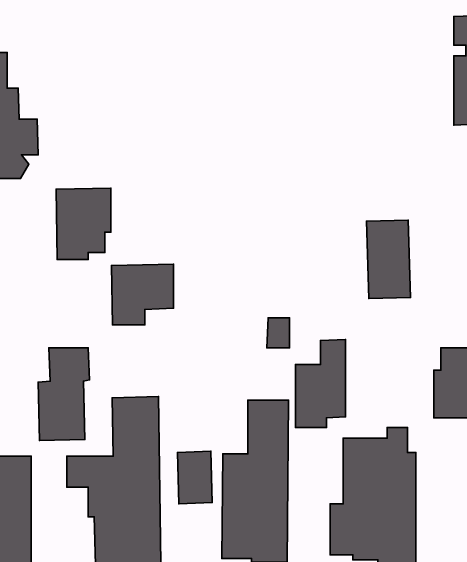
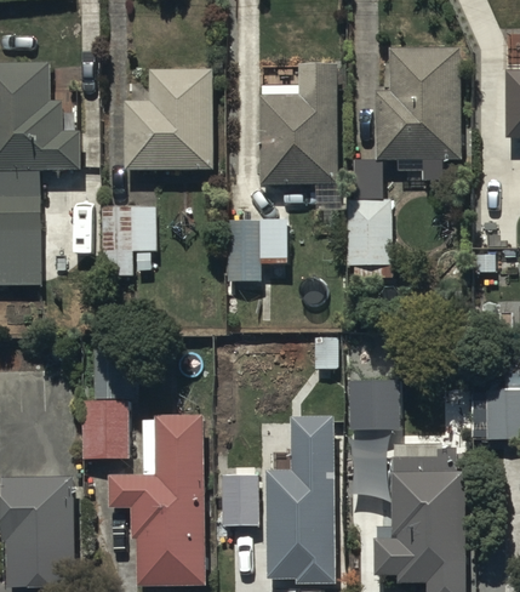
building: none -> [377,46,459,159]
building: none -> [259,67,338,184]
building: none -> [124,68,212,171]
building: [367,220,411,299] -> [347,198,392,278]
building: [111,264,173,325] -> [224,218,287,280]

